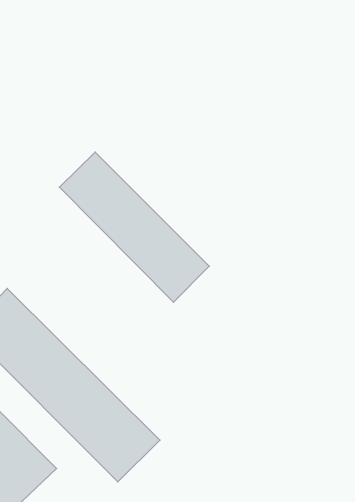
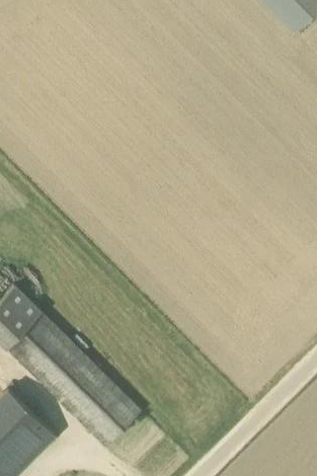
building: [59,152,209,302] -> none

